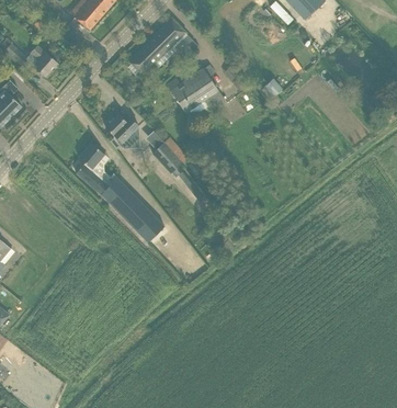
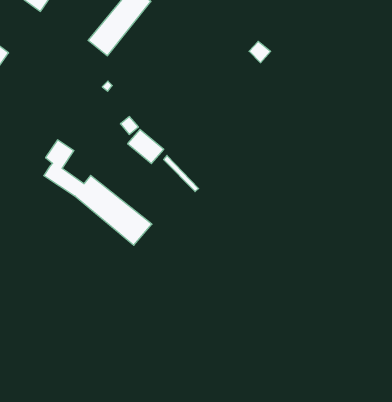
building: [166,68,225,112] -> none
building: [105,114,138,148] -> none

